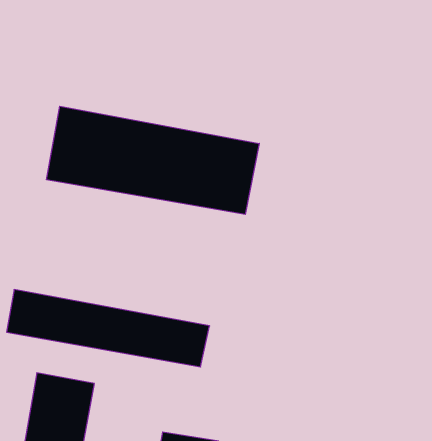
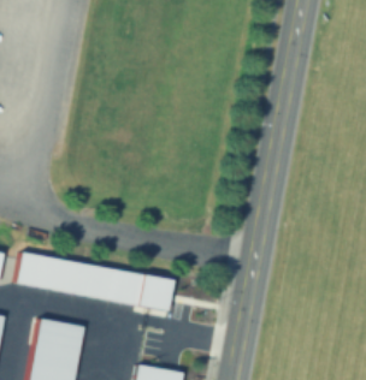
building: [47,106,259,214] -> none

